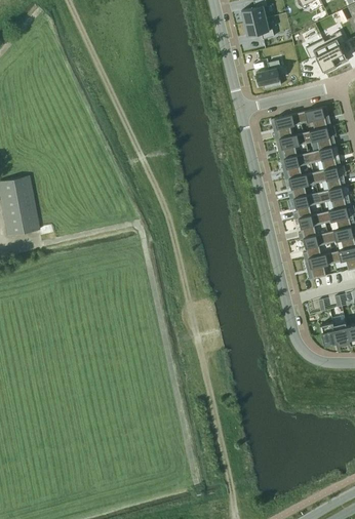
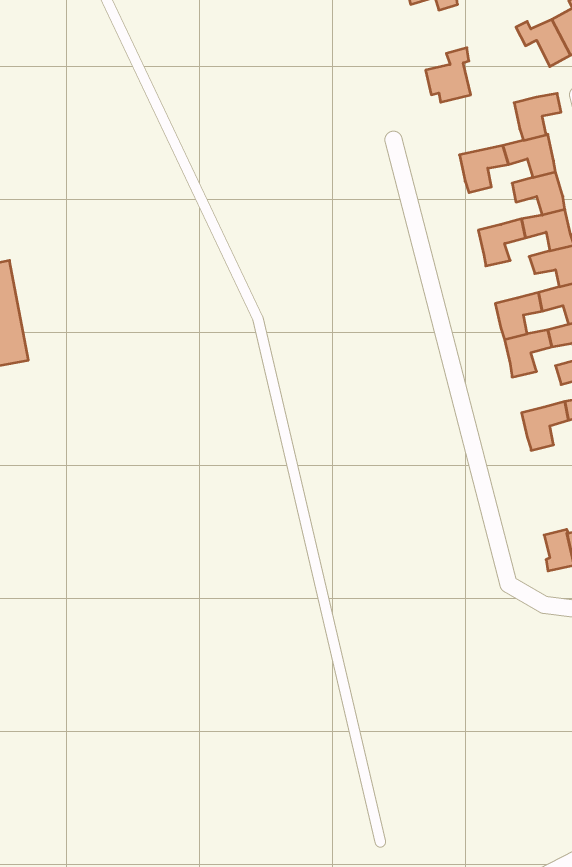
building: [279,134,305,160] -> [514,93,561,140]
building: [288,174,315,200] -> none
building: [303,234,329,260] -> none

